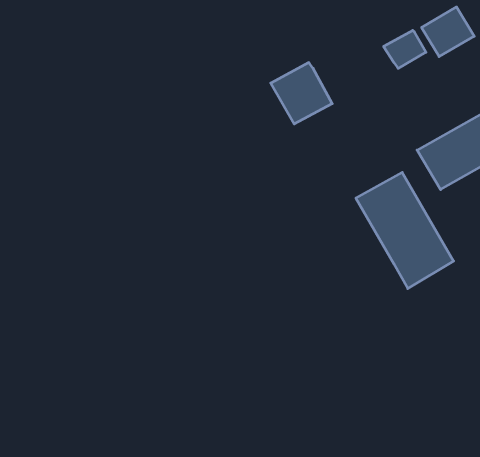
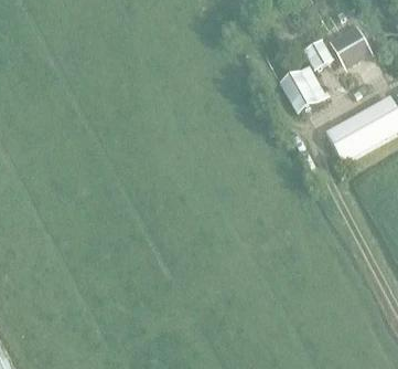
building: [271,63,332,124] -> [280,65,326,112]
building: [356,172,454,289] -> none

